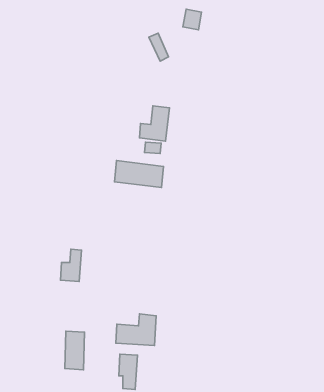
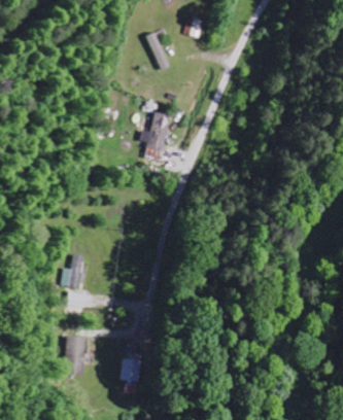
building: [114,160,164,188] -> none
building: [116,314,156,345] -> none

